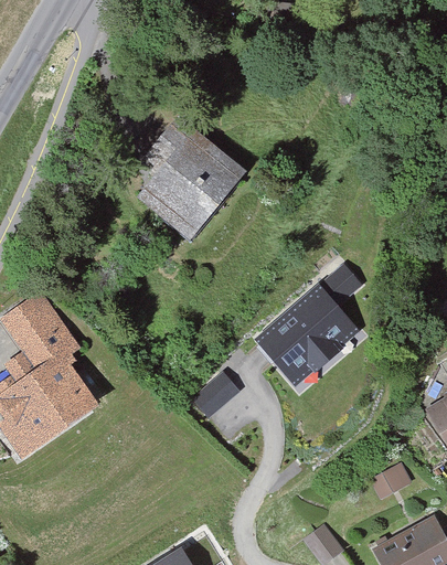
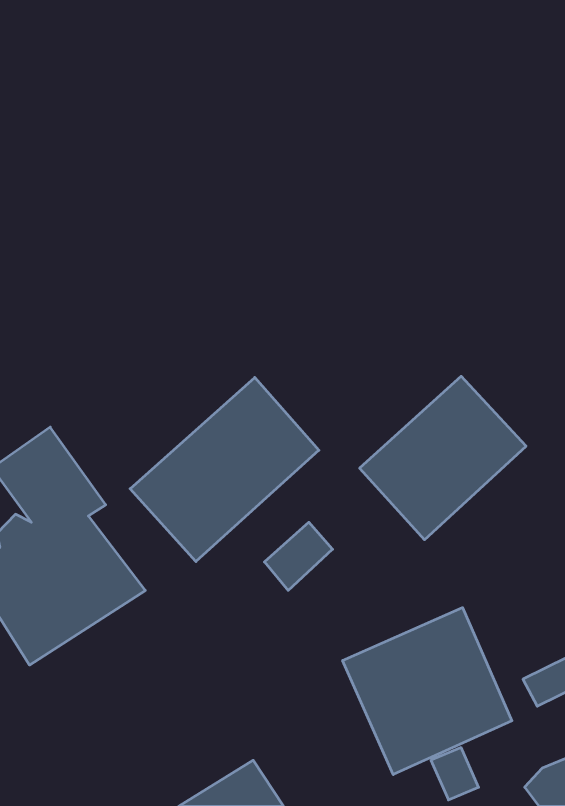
building: [138,127,249,250] -> none
building: none -> [130,377,319,562]
building: none -> [343,608,512,775]

